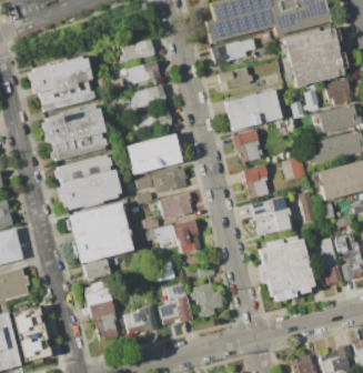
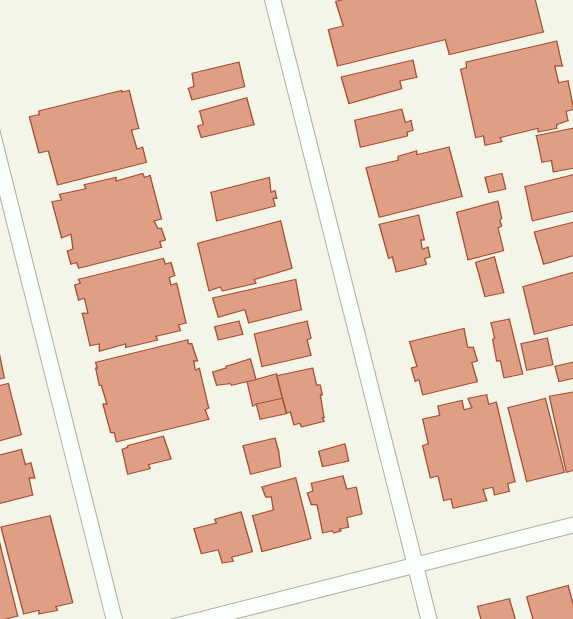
building: [133,84,167,108] -> none
building: [241,164,269,199] -> [456,201,504,260]
building: [85,281,121,341] -> none

